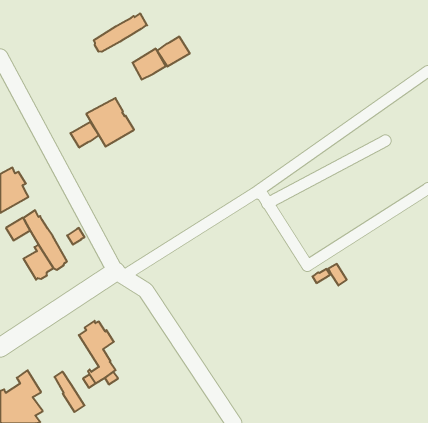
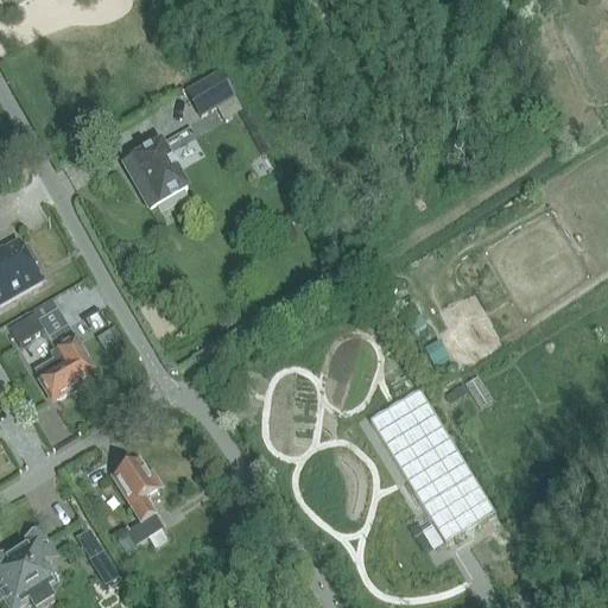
building: [94,13,147,52] -> none
building: [157,36,190,67] -> none
building: [70,122,99,148] -> none
building: none -> [370,388,495,543]

